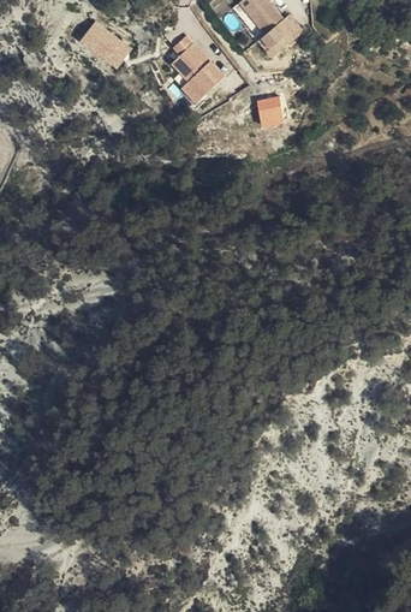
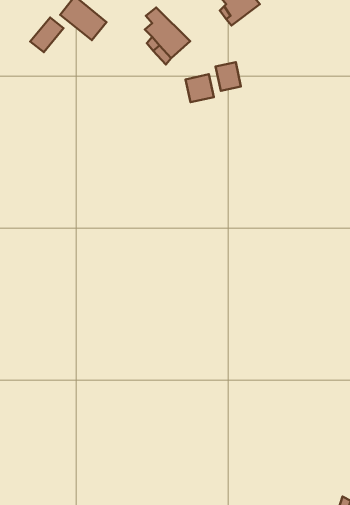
building: none -> [30,17,64,52]
building: none -> [185,74,214,102]

